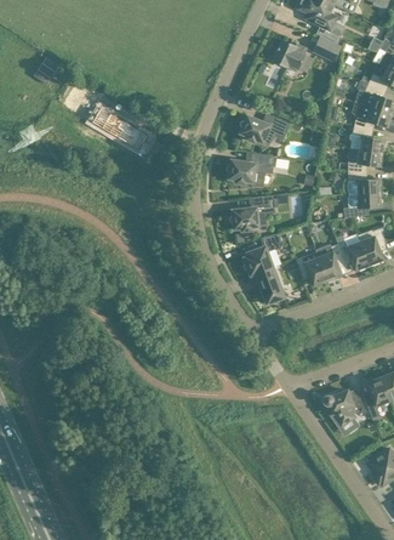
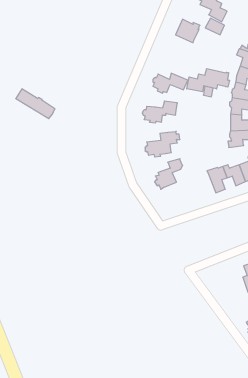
building: none -> [187,69,230,92]
building: [92,108,147,149] -> [16,89,55,119]
building: [296,252,327,286] -> none
building: [255,266,284,305] -> none
building: [324,390,364,425] -> none

